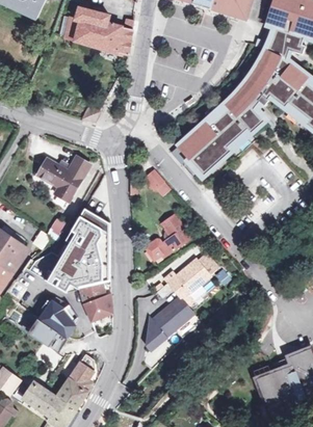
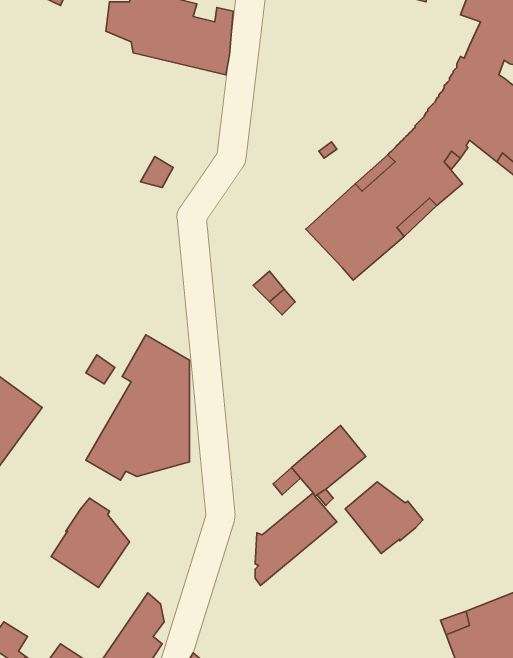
building: [37,156,90,201] -> none
building: [146,213,189,259] -> none
building: [80,282,112,321] -> none
building: none -> [345,482,423,553]

